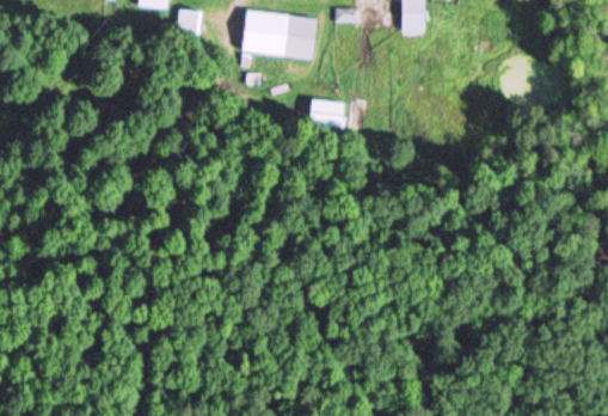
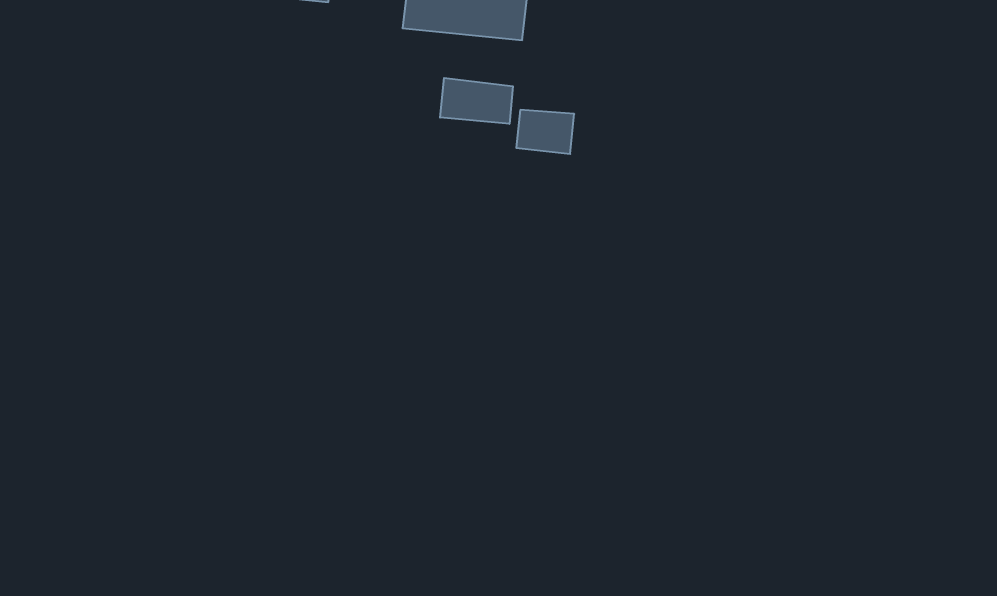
building: none -> [440,78,513,124]

